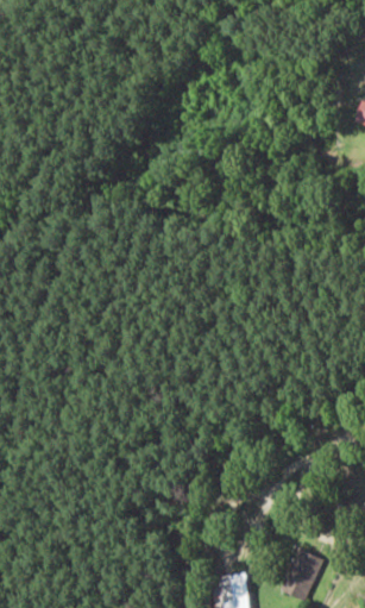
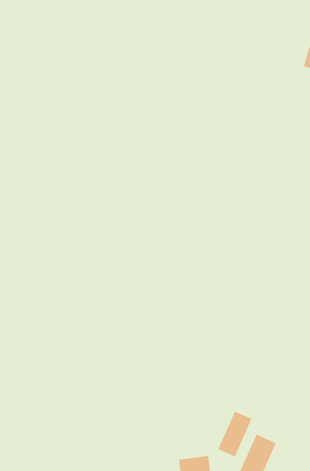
building: none -> [218,411,252,457]

